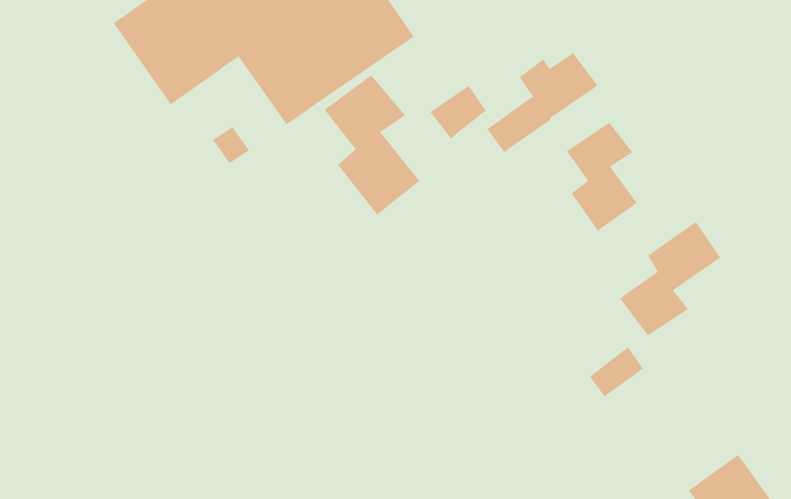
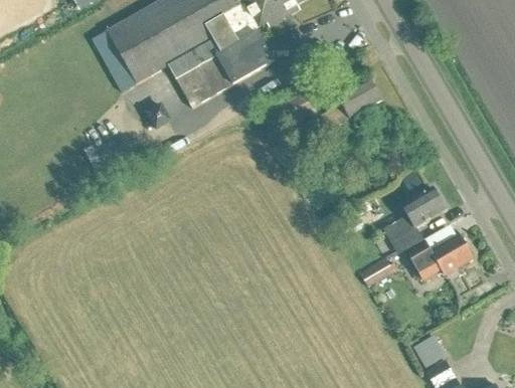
building: [324,75,420,215] -> none
building: [566,122,637,232] -> none
building: none -> [408,234,474,279]

